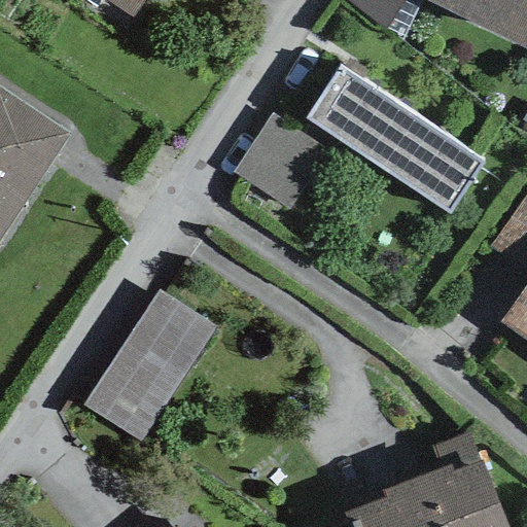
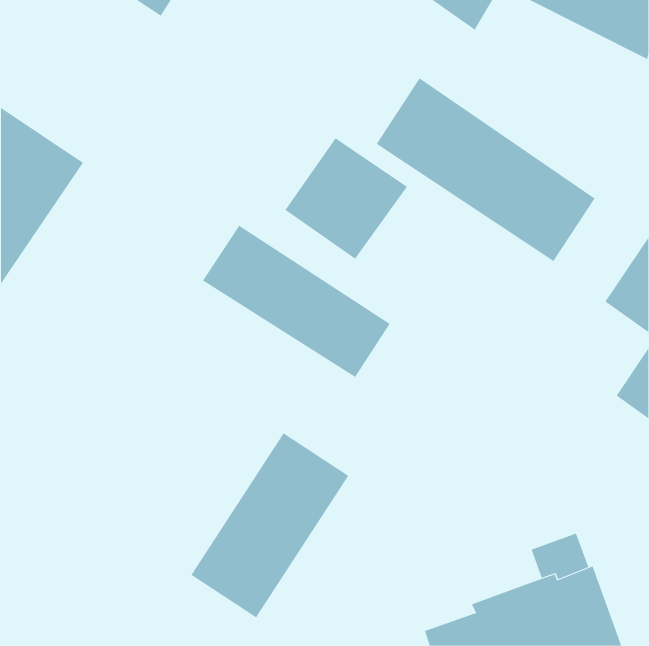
building: none -> [202,225,390,378]
building: [100,297,229,448] -> [190,433,349,618]

